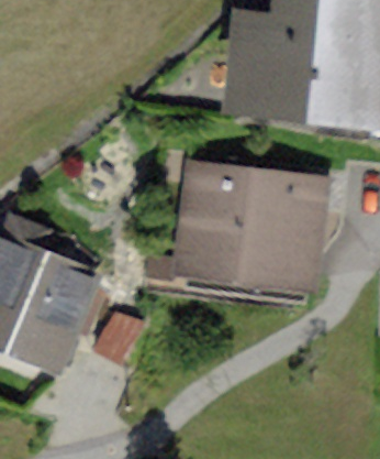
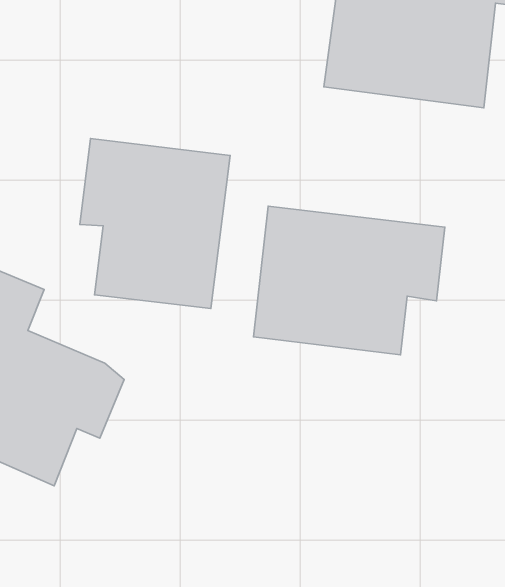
building: none -> [80,139,230,308]

